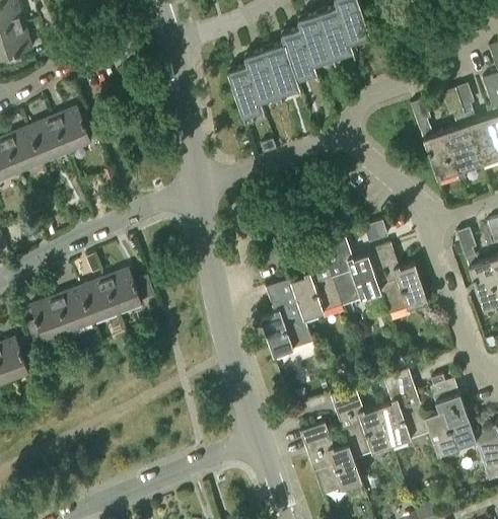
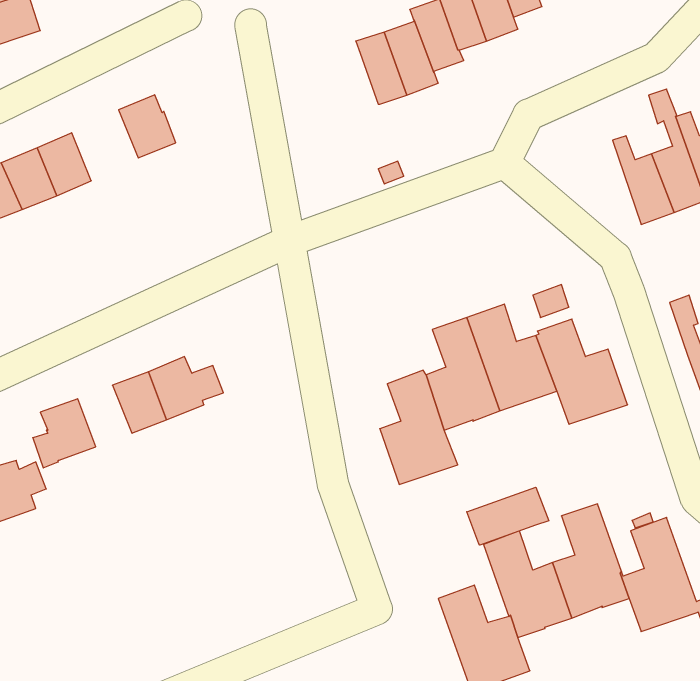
building: [227,66,264,116] -> none
building: [53,109,91,152] -> [119,95,176,158]
building: [57,290,93,331] -> none
building: none -> [467,487,549,545]

